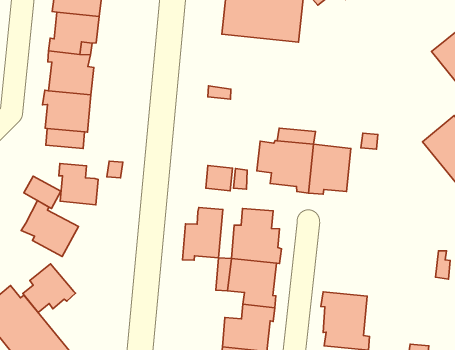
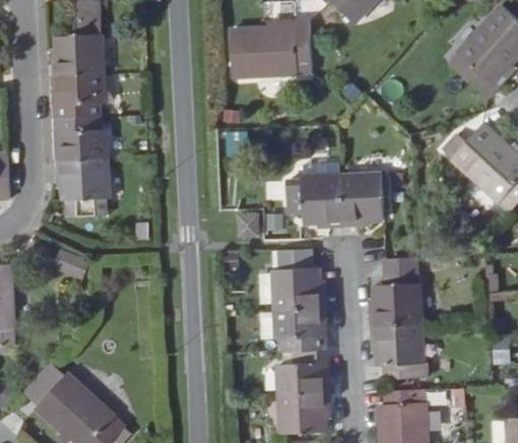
building: [59,164,98,205] -> none
building: [21,200,78,256] -> none
building: [182,208,223,260] -> none
building: none -> [372,259,418,324]
building: [23,264,75,313] -> none

